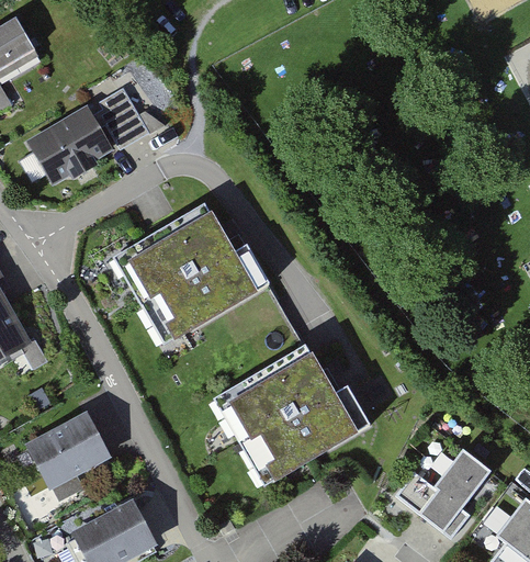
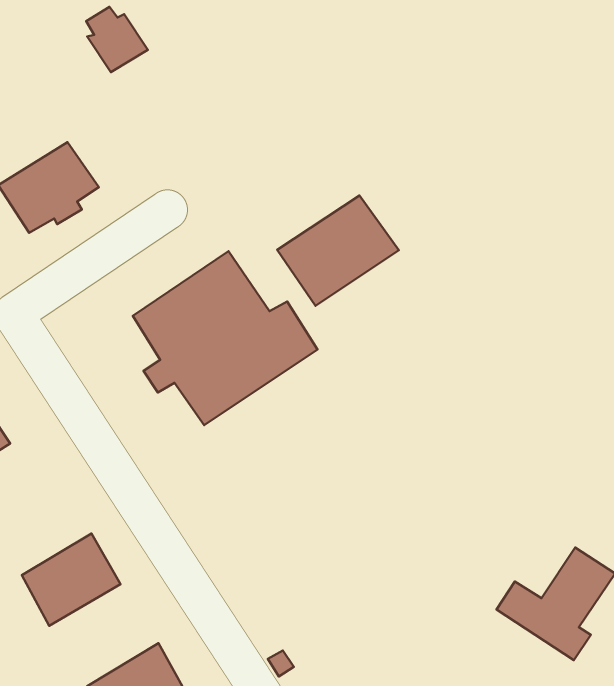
building: [102,93,148,144] -> [86,7,148,72]
building: none -> [277,195,399,306]
building: [228,345,370,481] -> none

